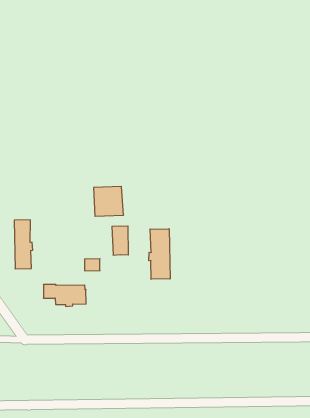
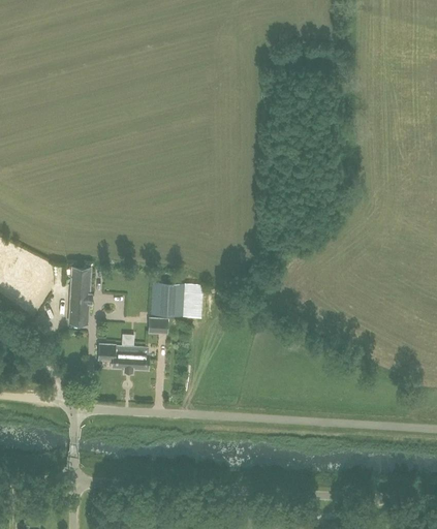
building: [94,186,124,216] -> [147,281,180,315]
building: [149,229,170,279] -> none

